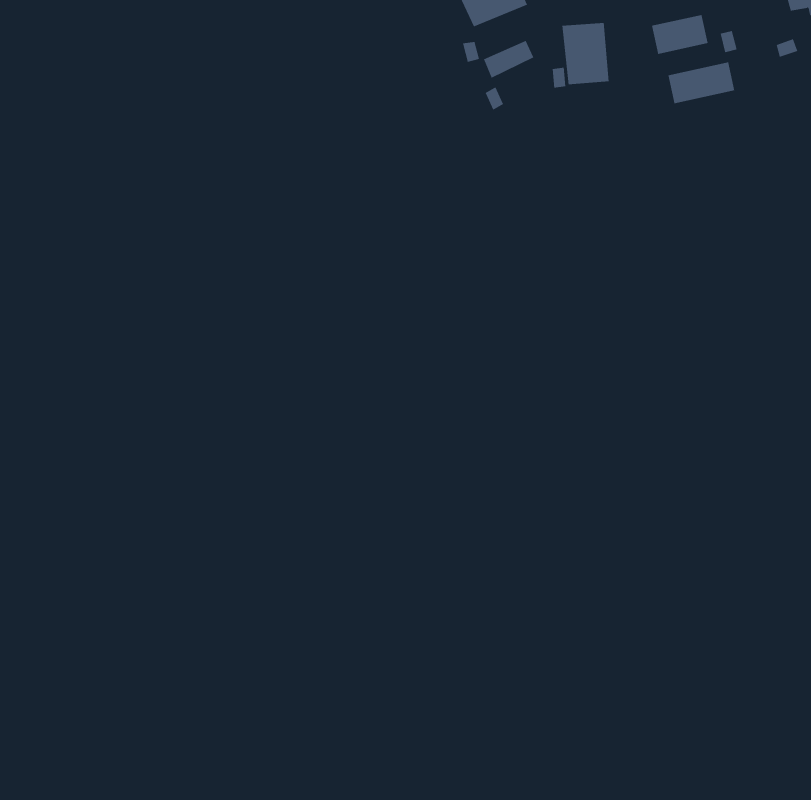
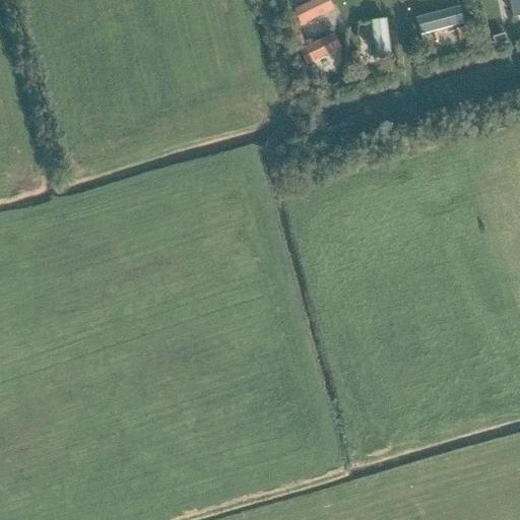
building: [668,62,735,104] -> none

